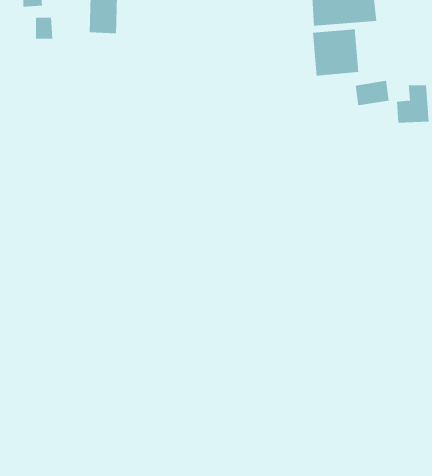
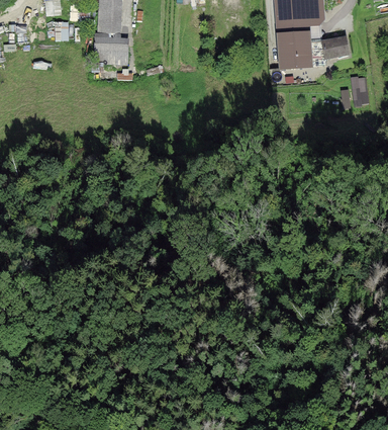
building: none -> [93,37,127,62]
building: [355,80,389,106] -> [320,37,348,58]

